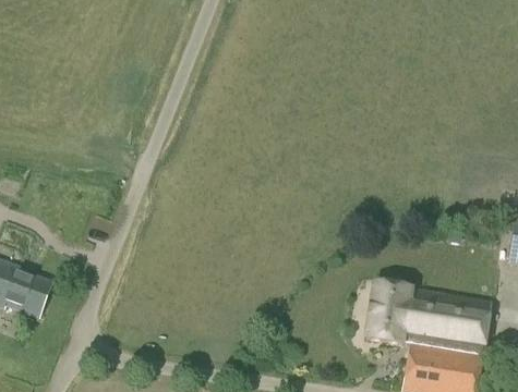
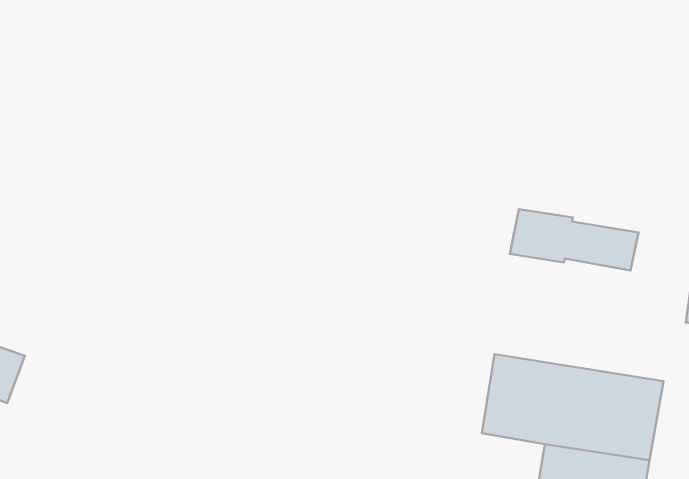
building: none -> [510,209,639,271]

